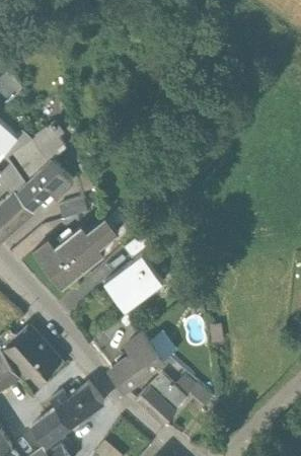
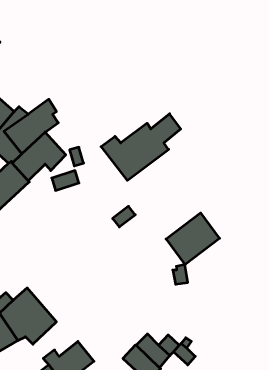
building: [32,216,119,288] -> [101,114,181,180]
building: [103,257,161,313] -> [166,213,220,265]
building: [107,331,165,392] -> none

